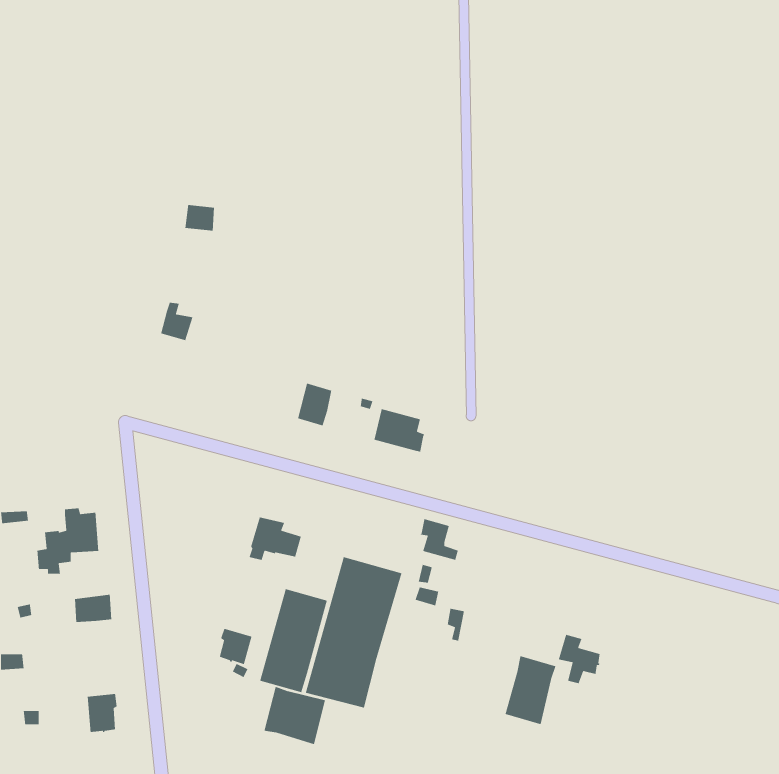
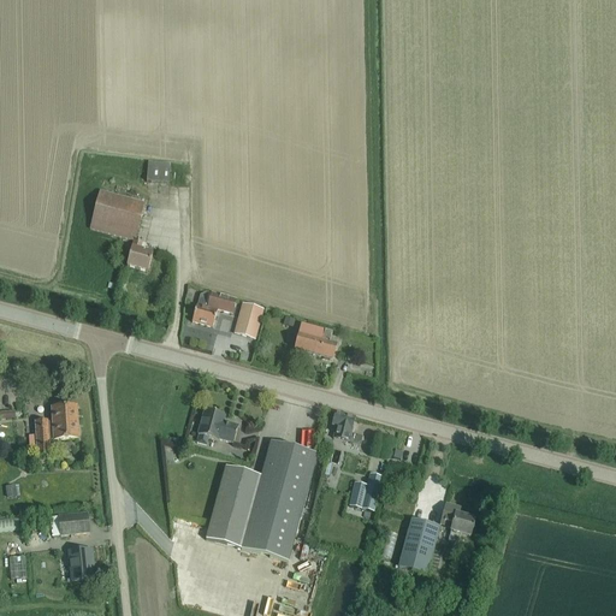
building: none -> [97,183,155,235]
building: none -> [191,291,236,325]
building: [74,594,112,623] -> [59,510,89,533]
building: [219,628,252,665] -> none
building: [264,686,326,745] -> none

